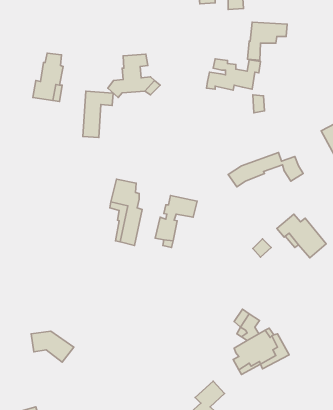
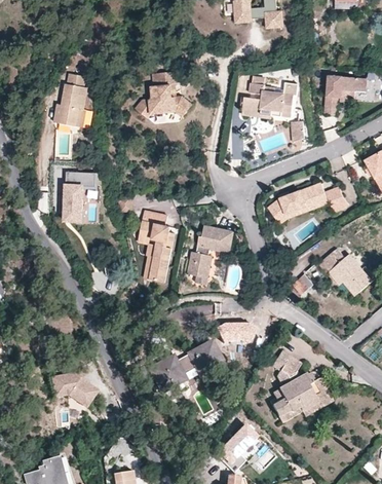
building: [247,22,287,60] -> [322,74,366,115]
building: [83,91,113,138] -> [64,174,97,224]
building: none -> [216,325,255,341]
building: none -> [152,344,223,389]

